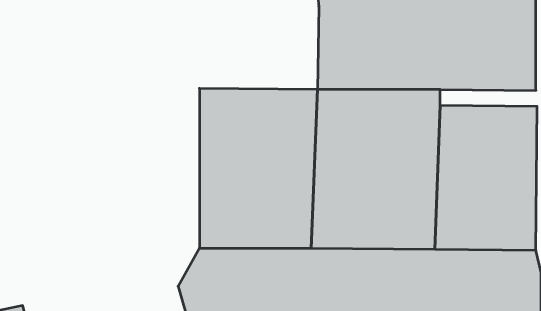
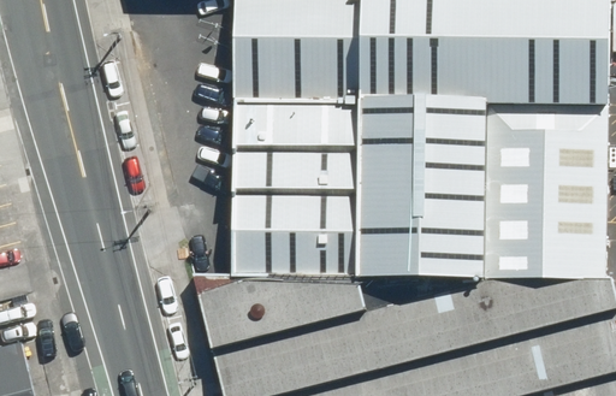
building: none -> [229,14,363,108]

